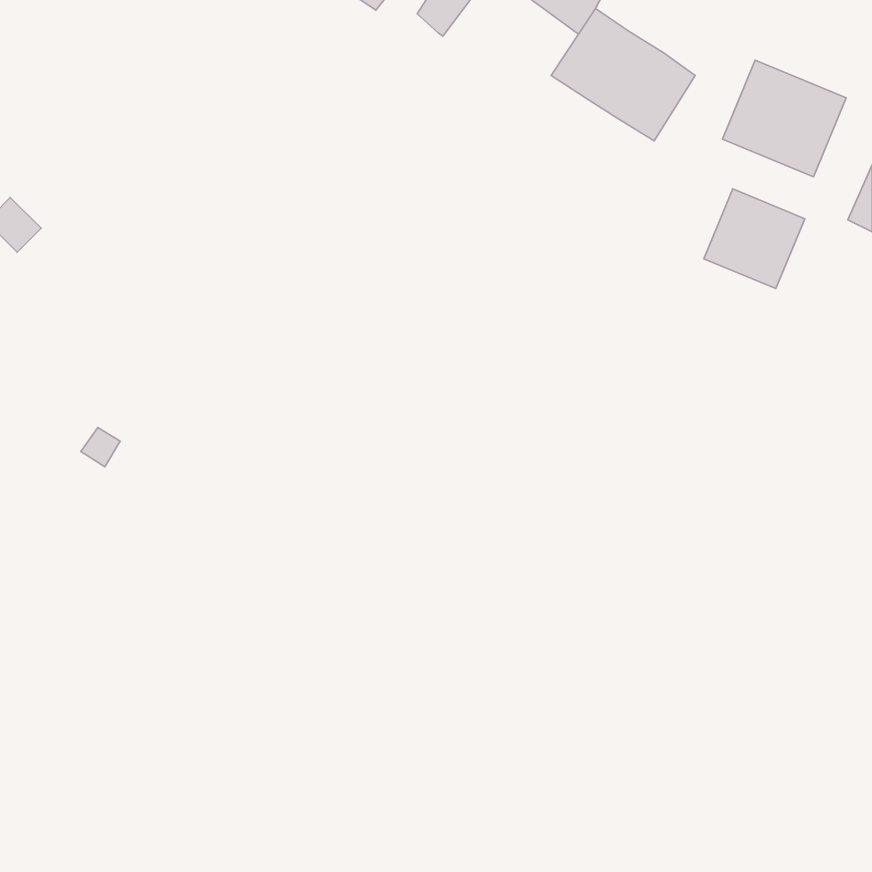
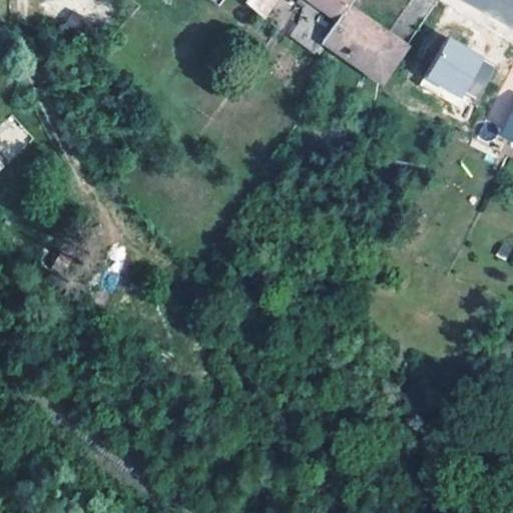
building: [704,189,805,289] -> none

